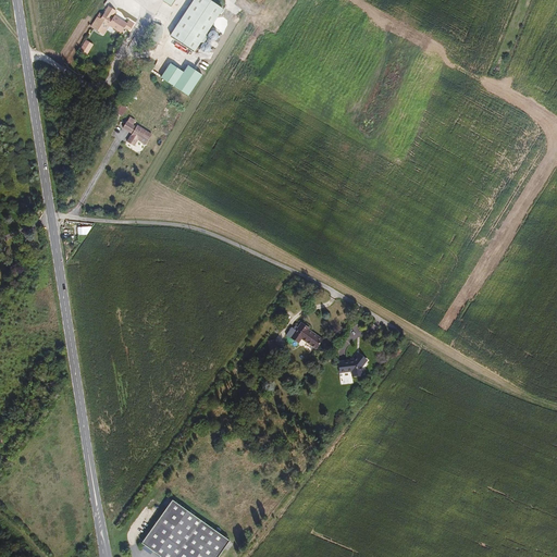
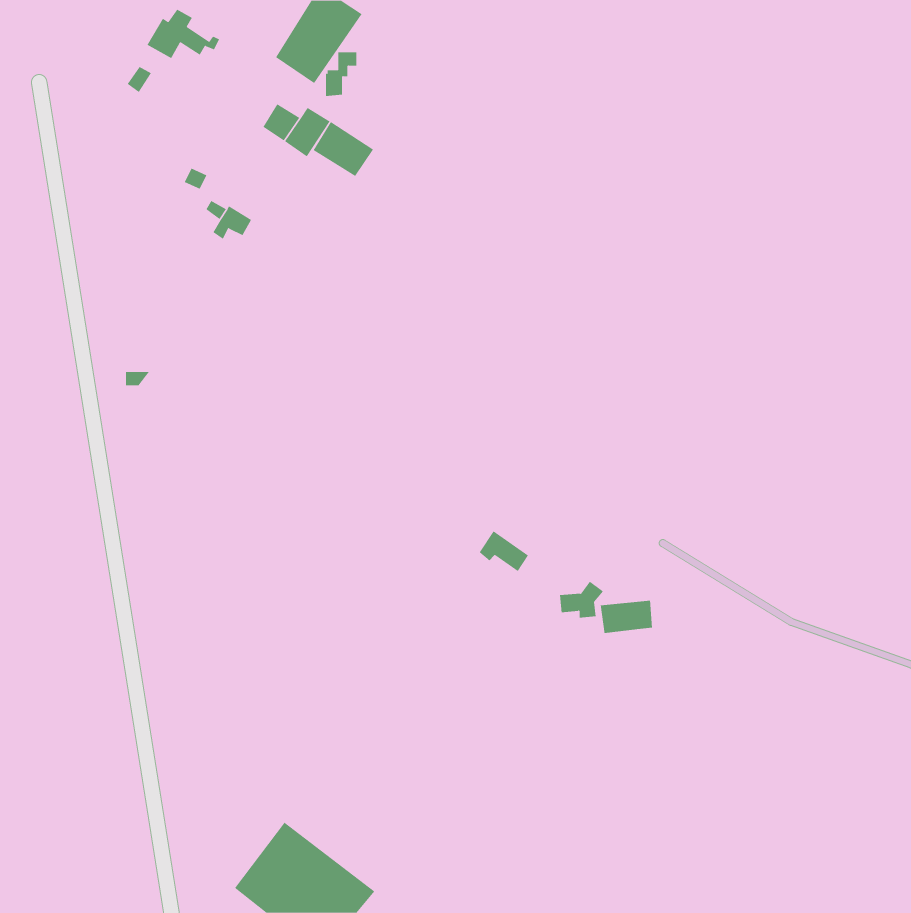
building: none -> [313,121,374,177]
building: none -> [600,600,653,634]

